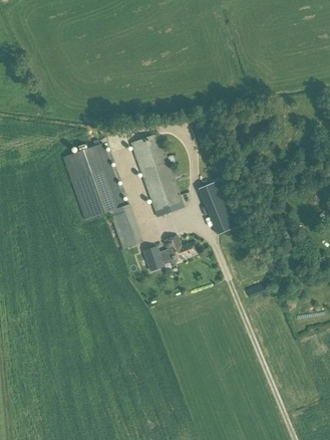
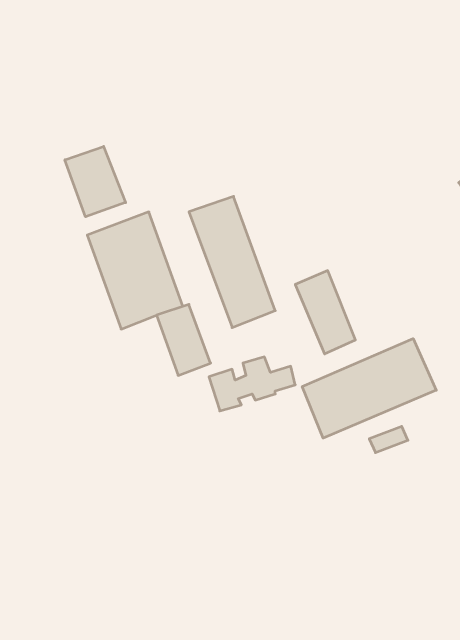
building: none -> [65,146,126,217]
building: none -> [302,339,436,438]

